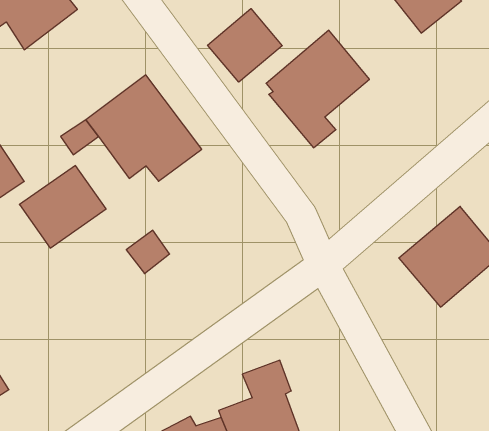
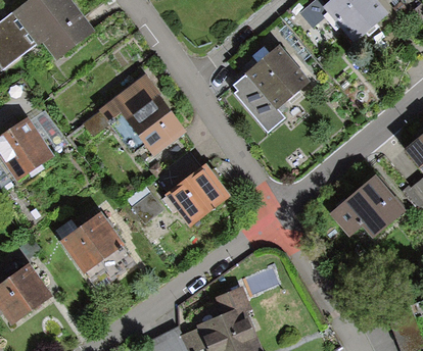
building: [208,9,282,82] -> none
building: [19,166,106,248] -> [60,212,124,272]
building: none -> [163,164,229,227]

